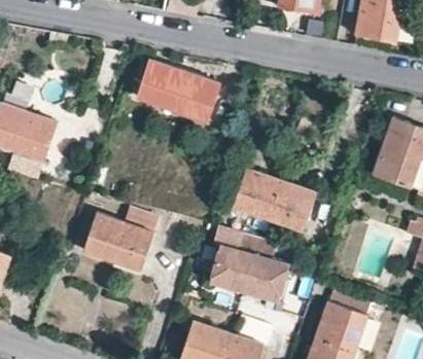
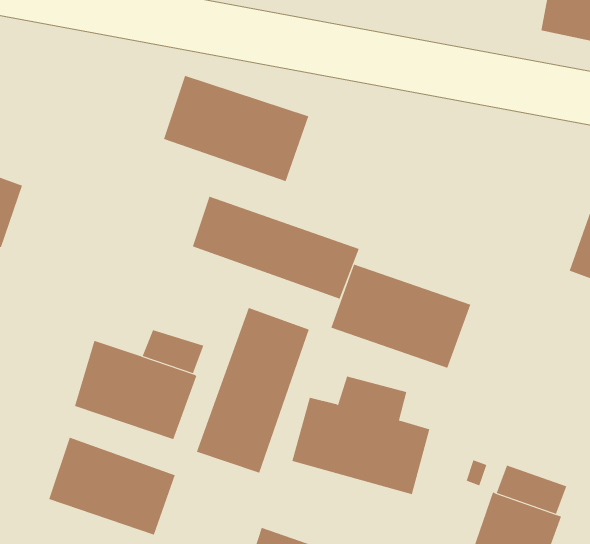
building: none -> [192,196,360,299]
building: none -> [196,307,309,474]
building: none -> [48,437,175,535]

